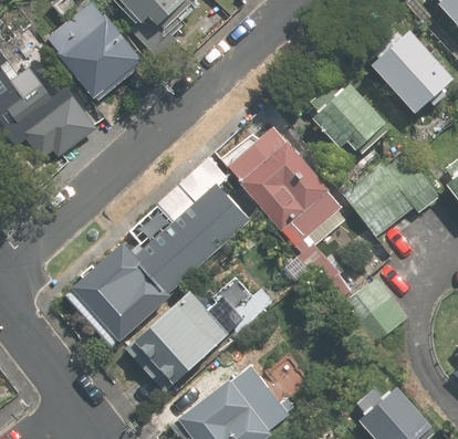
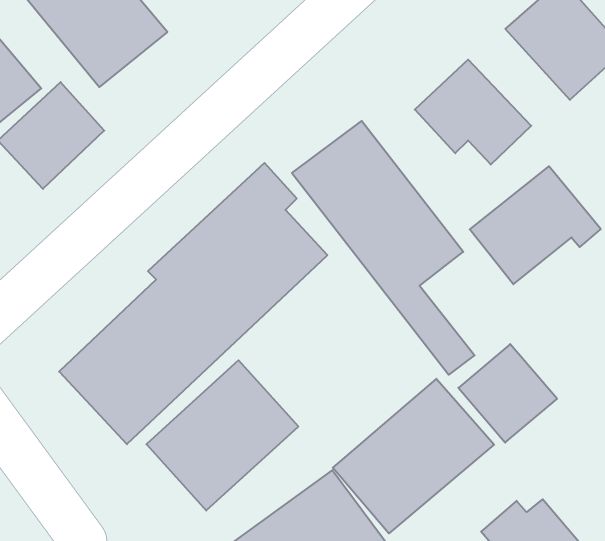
building: none -> [333,379,494,533]

